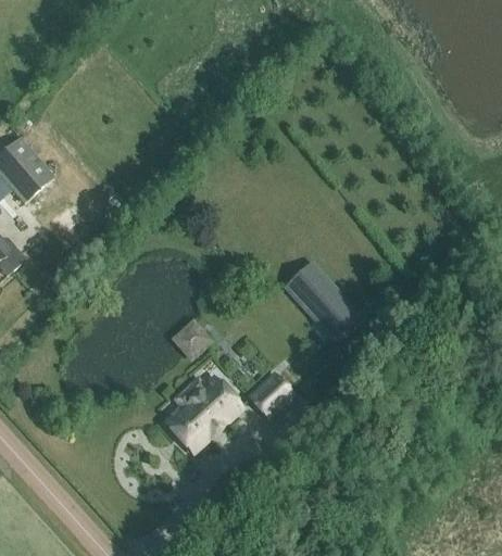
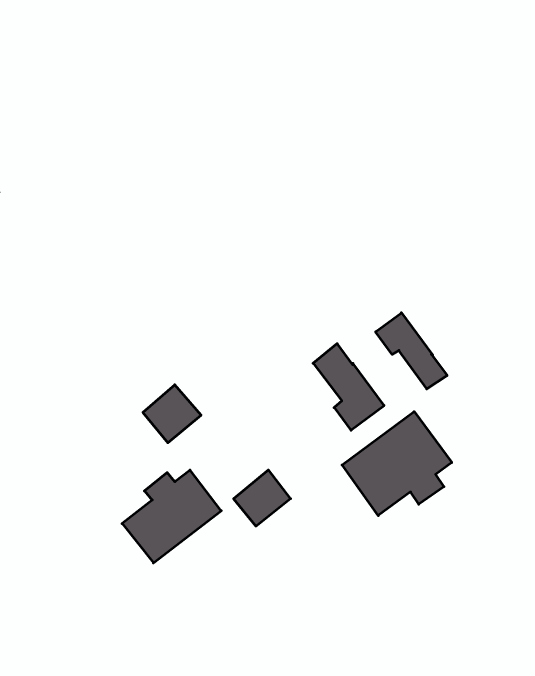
building: none -> [376,313,447,389]
building: none -> [342,412,452,516]

